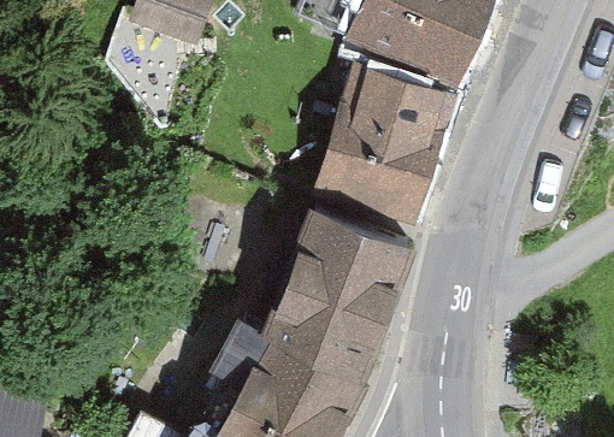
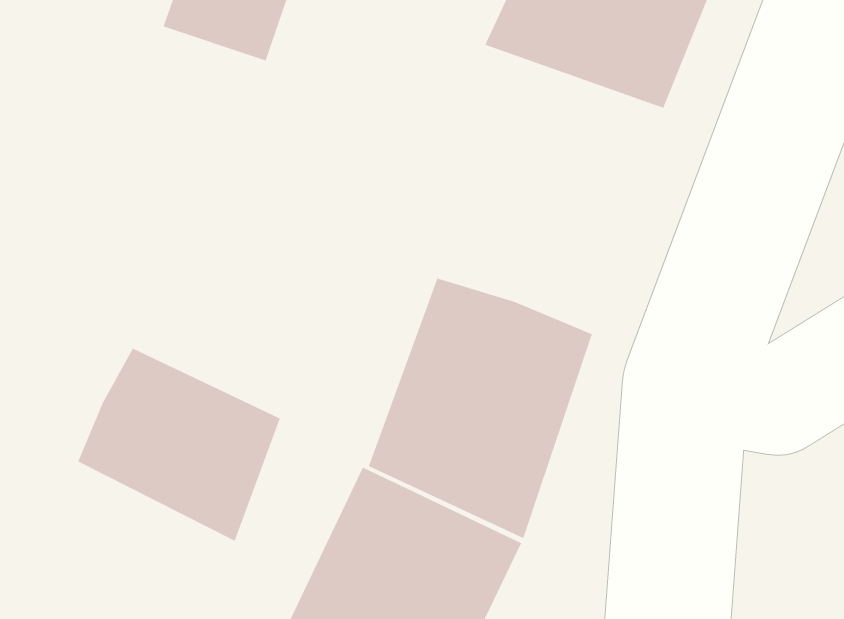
building: [308,63,454,236] -> none
building: none -> [77,347,281,542]

